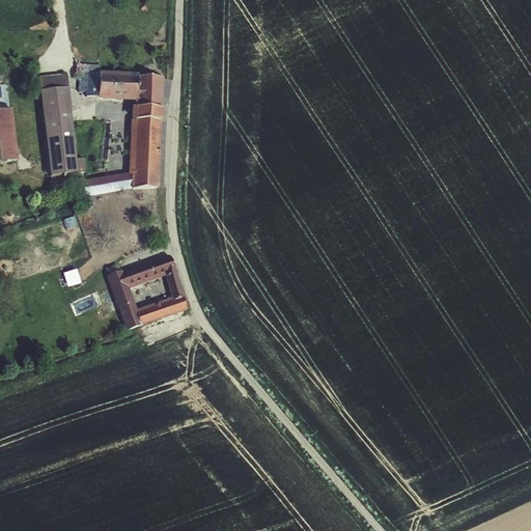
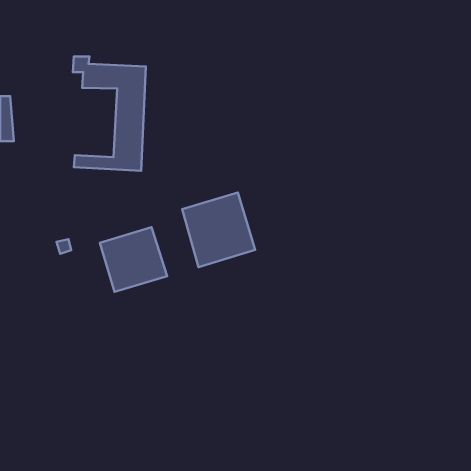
building: [39,73,75,174] -> none
building: none -> [182,193,255,267]

